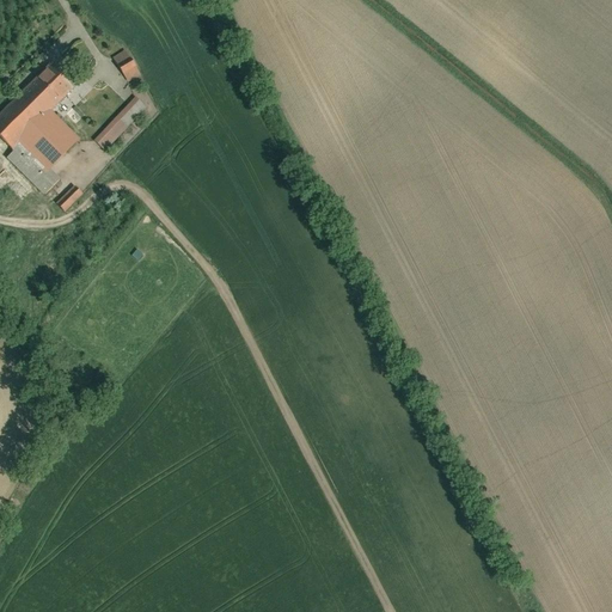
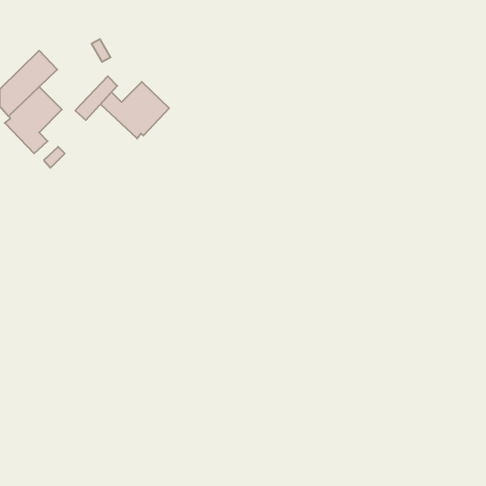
building: none -> [101,82,169,139]

